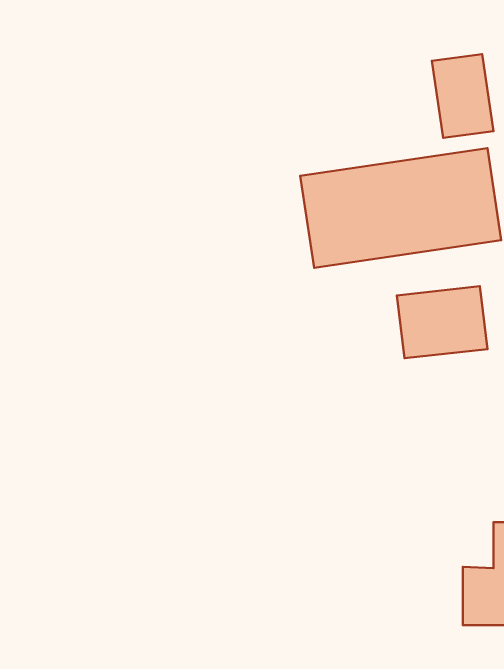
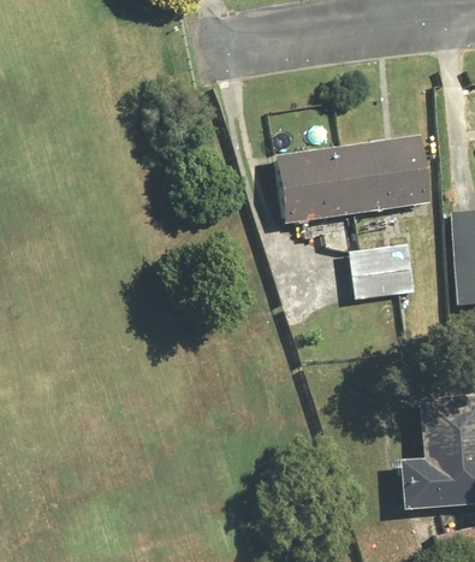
building: [432,54,494,138] -> none

